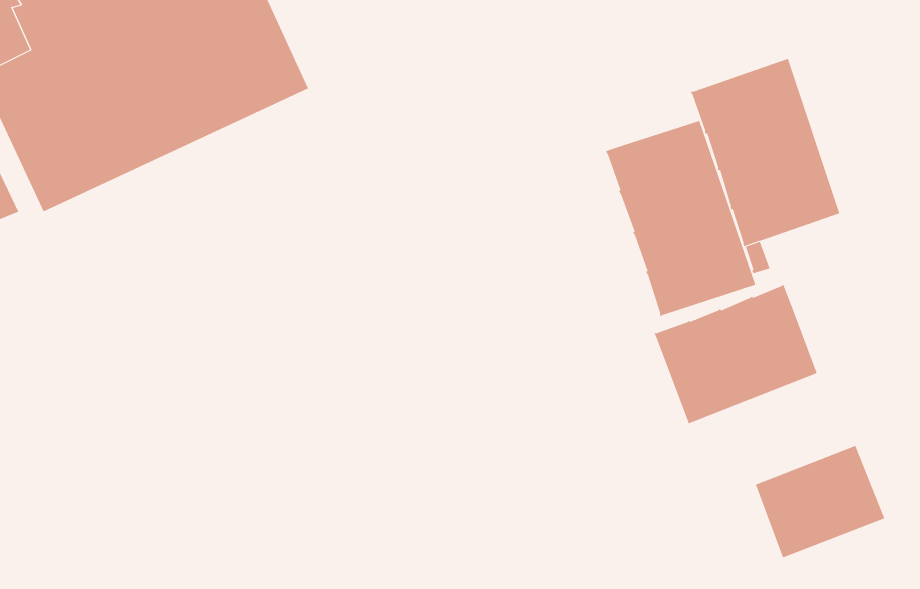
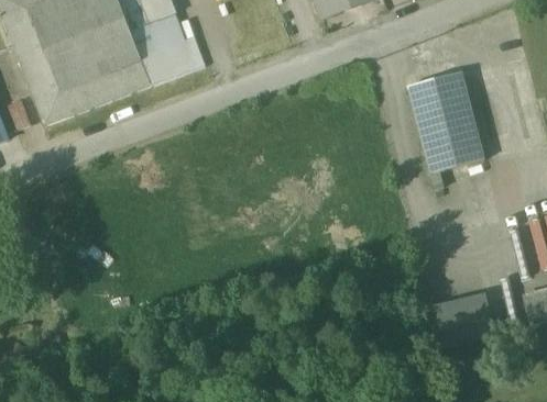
building: [605,120,756,318] -> none
building: [653,284,817,424] -> none

